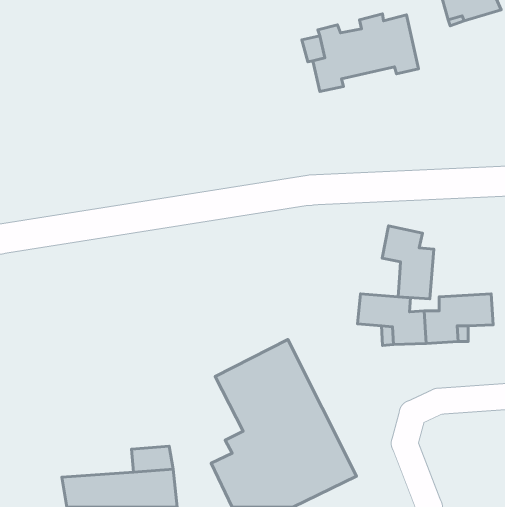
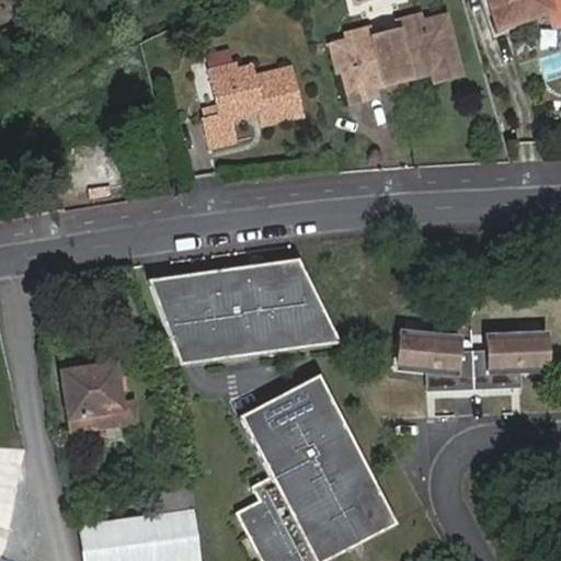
building: none -> [206,68,307,147]
building: [382,226,434,299] -> none
building: none -> [152,260,336,363]
building: none -> [62,362,139,444]

